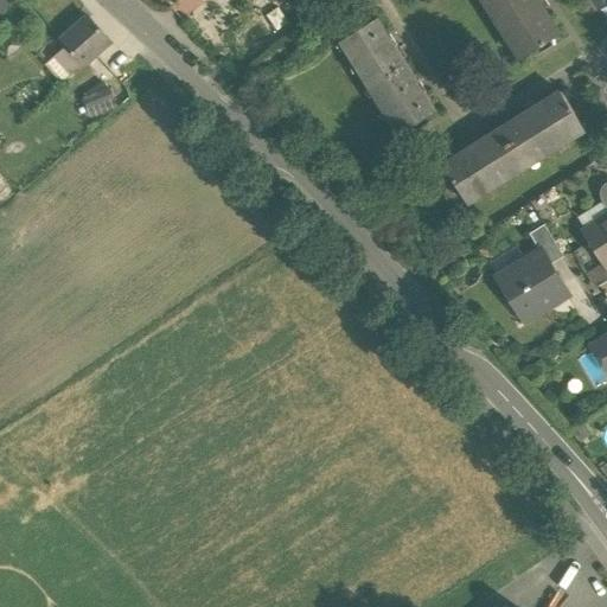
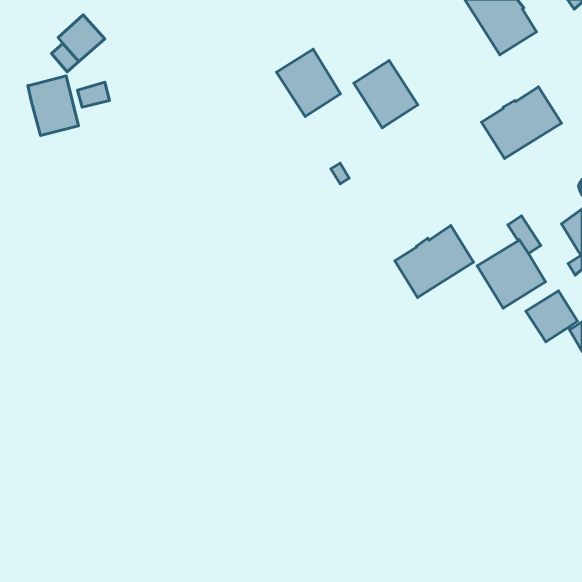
building: [338,17,404,87] -> [277,49,341,117]
building: none -> [28,76,79,135]
building: [442,127,524,202] -> [395,225,474,297]
building: none -> [526,291,577,342]

